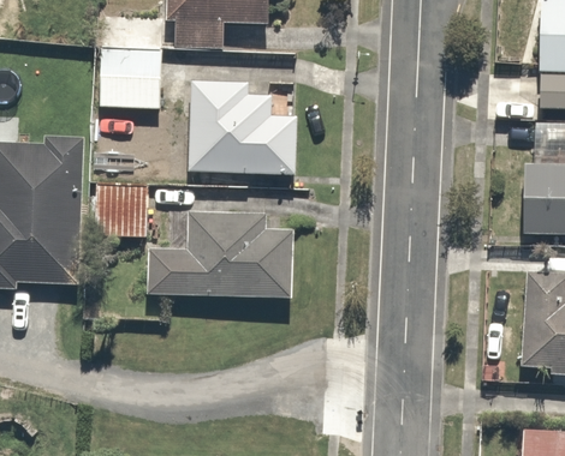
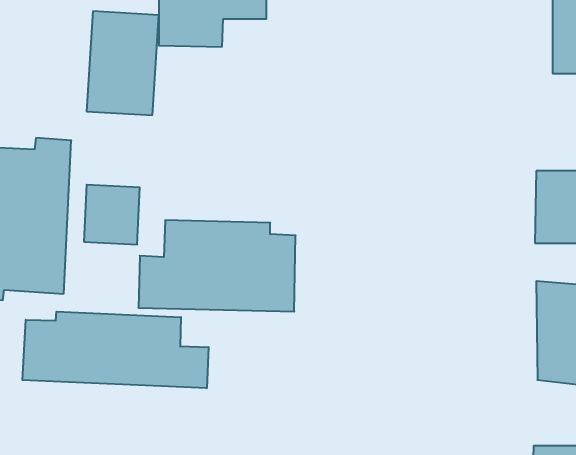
building: [189,82,299,175] -> none
building: none -> [22,312,209,388]

